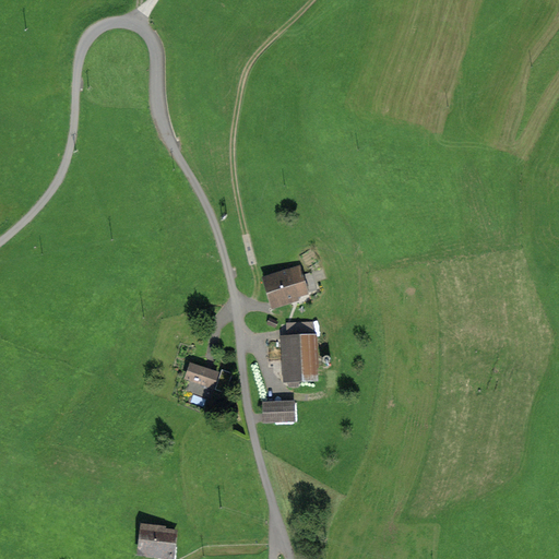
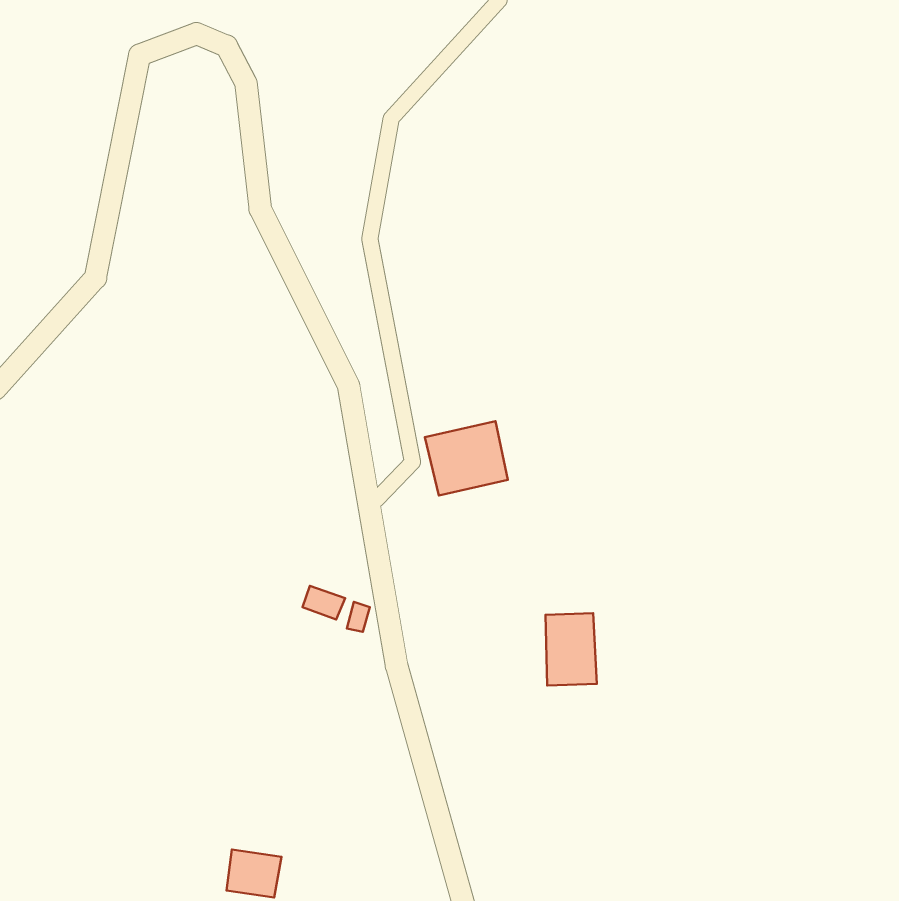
building: [282,335,313,380] -> [545,613,597,686]
building: [261,401,290,420] -> none

